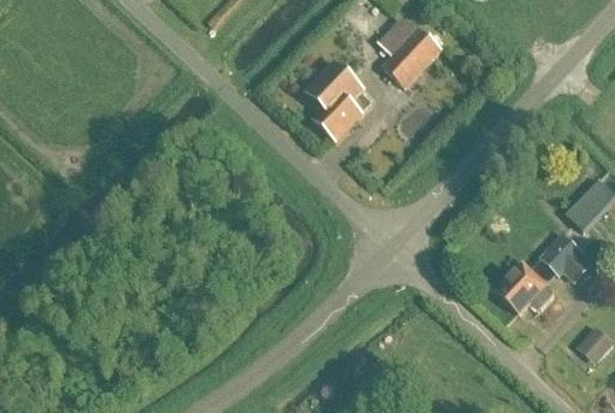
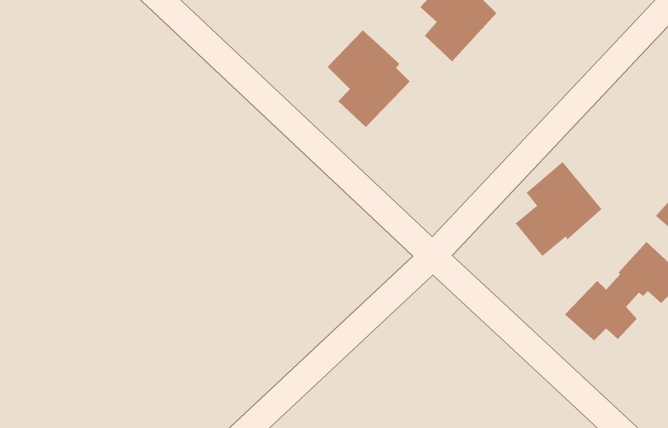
building: none -> [515,161,602,257]

